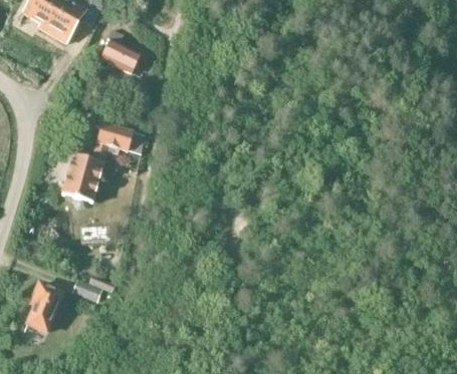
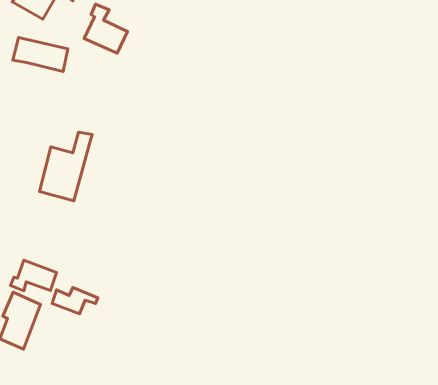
building: [95,122,144,152] -> [13,37,68,72]
building: none -> [11,260,57,291]

